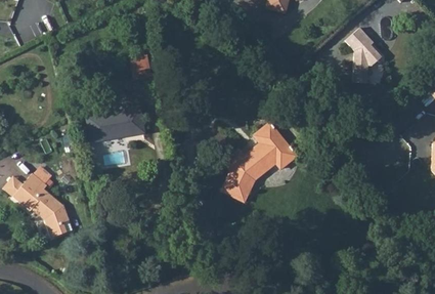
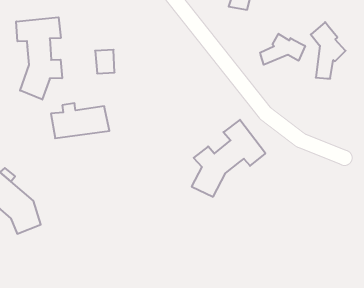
building: none -> [16,17,62,100]
building: none -> [260,34,305,65]

